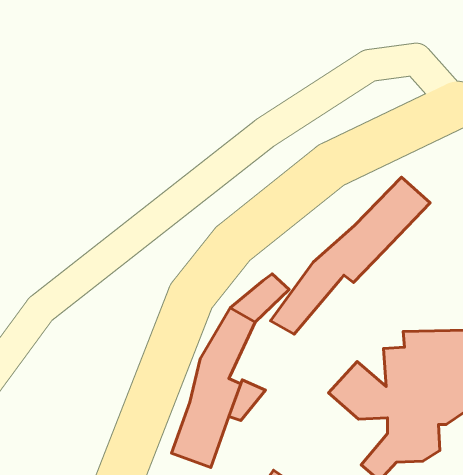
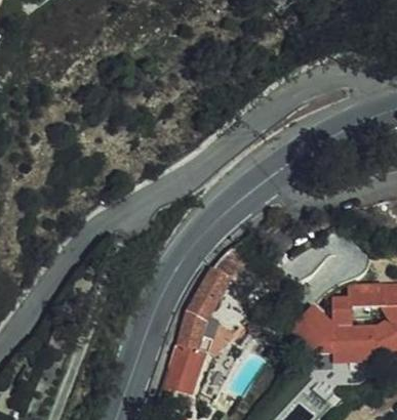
building: [270,177,430,334] -> none

